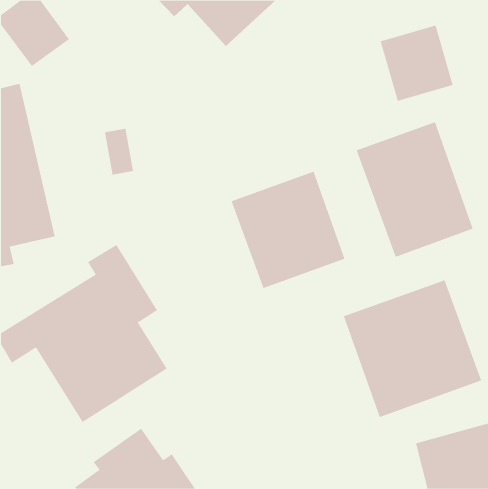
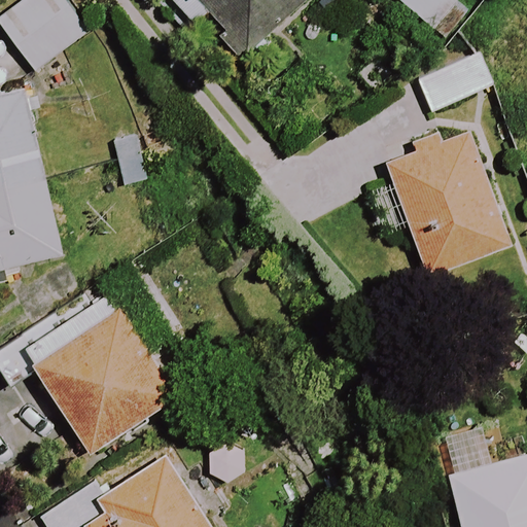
building: [231,171,345,289] -> none
building: [343,280,482,418] -> none

